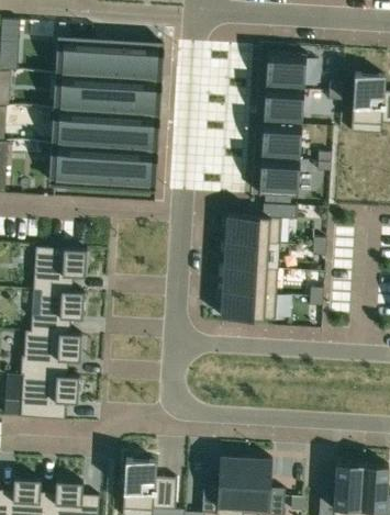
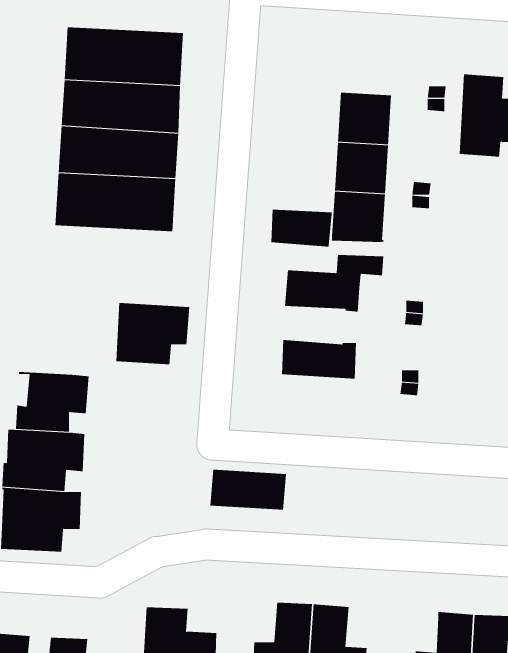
building: [266,51,319,89] -> none
building: [224,242,269,269] -> [270,209,333,247]
building: [33,246,87,291] -> [116,302,190,365]
building: [221,291,277,321] -> [209,469,287,510]

